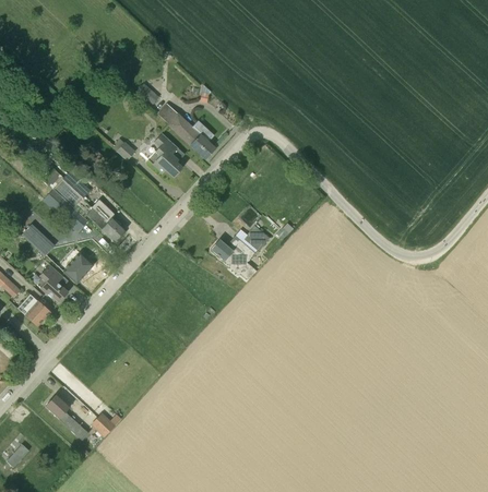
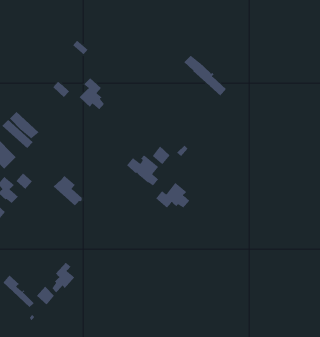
building: [156,103,214,158] -> [183,55,227,97]
building: [85,200,124,241] -> [53,175,82,206]
building: none -> [155,182,190,208]
building: none -> [51,262,75,293]

